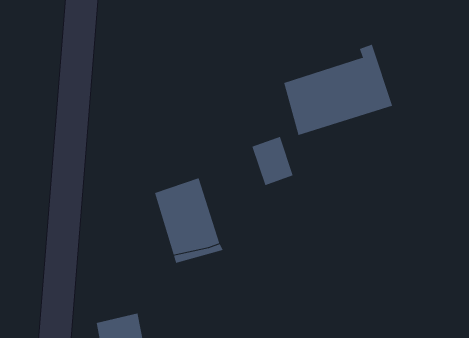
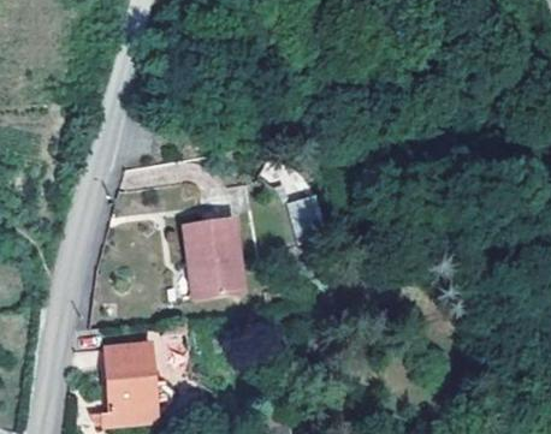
building: [284,44,393,136] -> none

